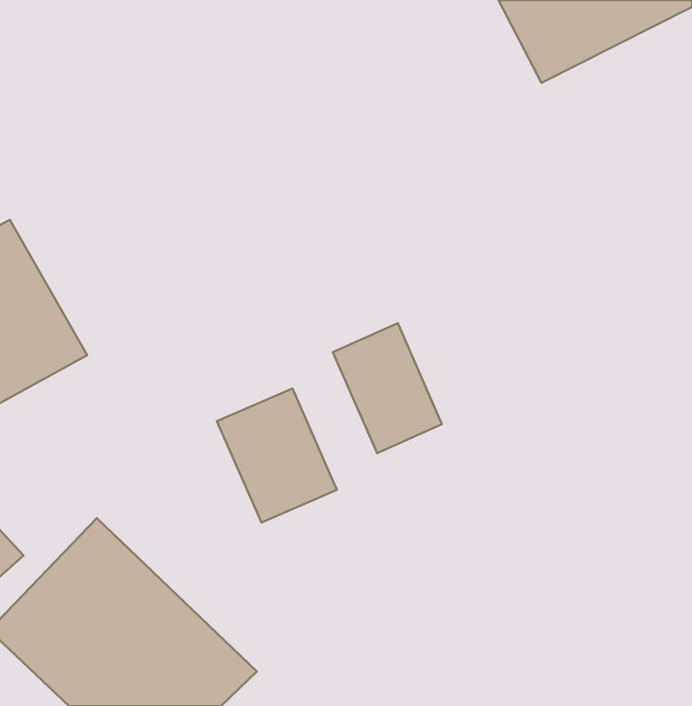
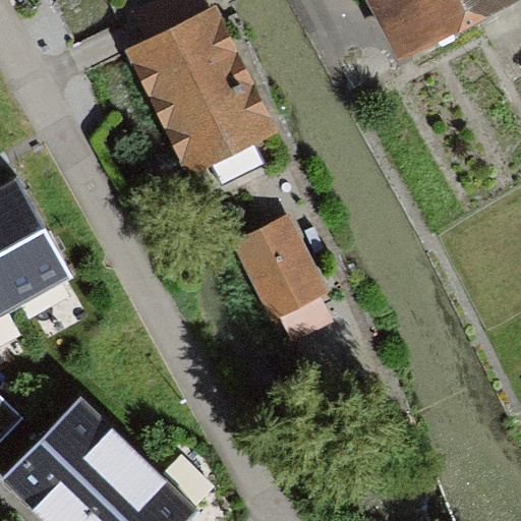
building: none -> [131,21,271,175]
building: [217,389,337,522] -> none

